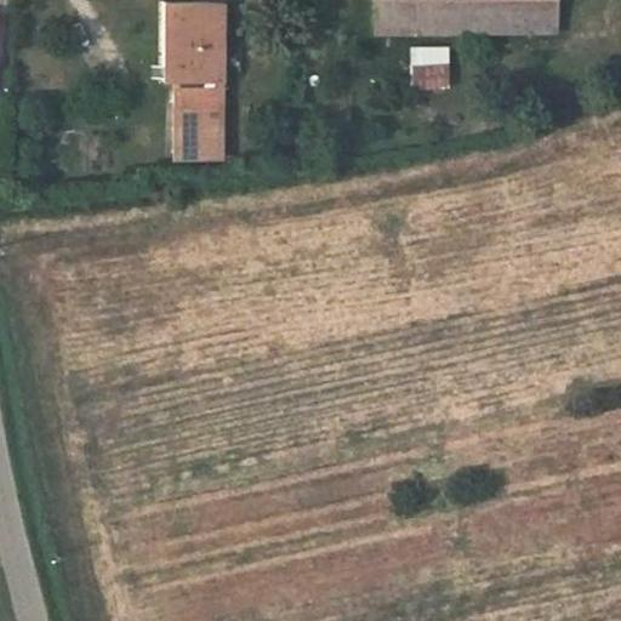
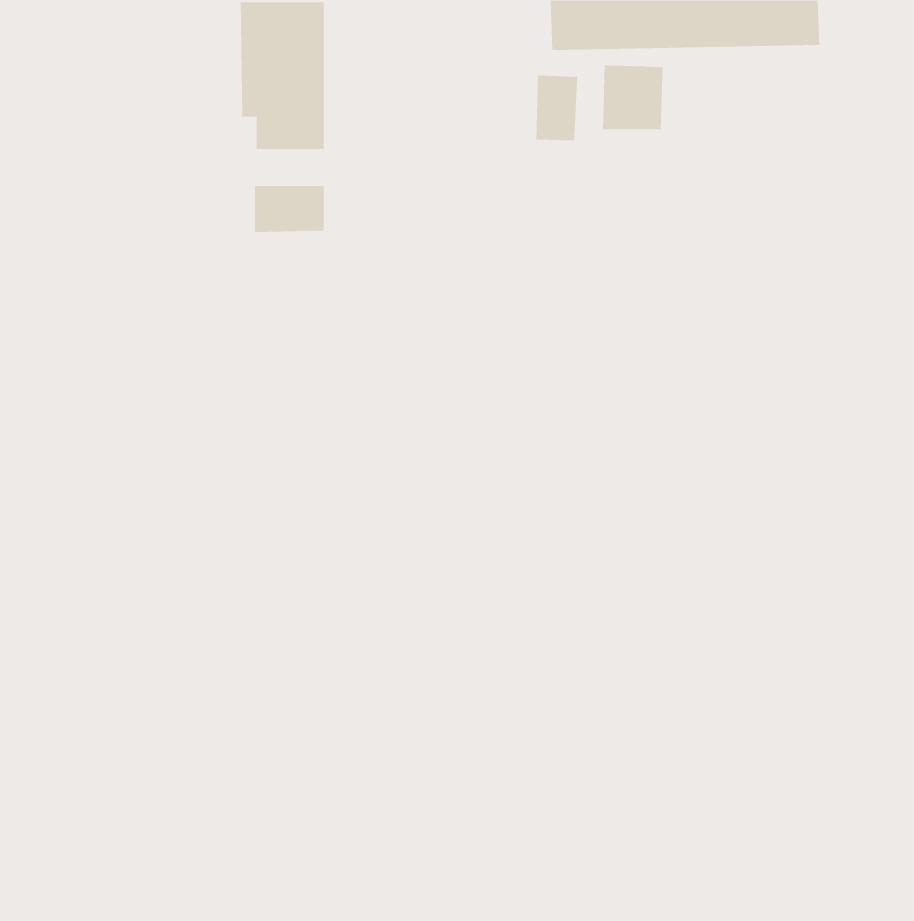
building: none -> [536,75,578,141]
building: [176,101,223,125] -> none

